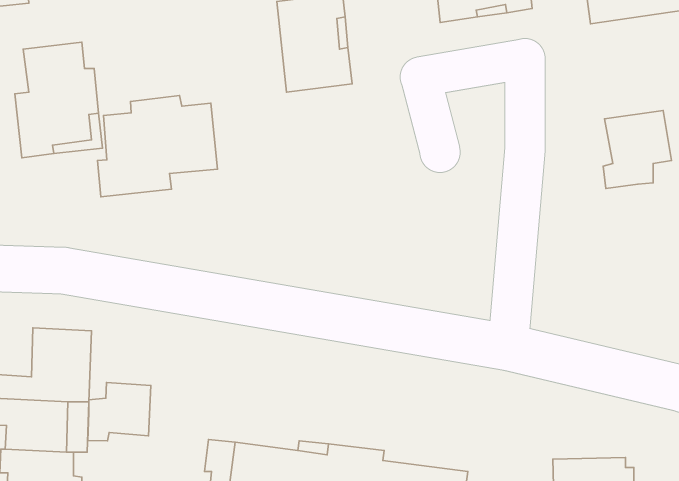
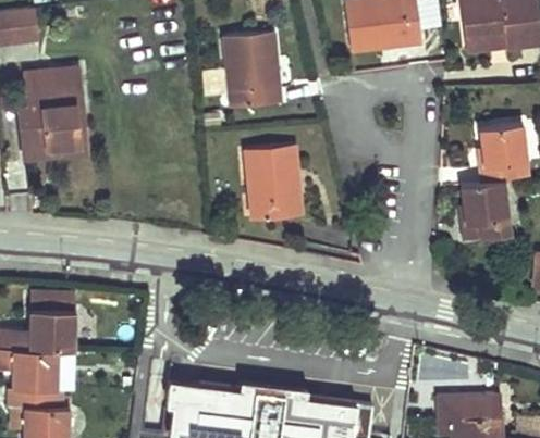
building: [98,96,217,197] -> none
building: none -> [245,146,300,220]
building: none -> [461,179,513,240]
building: [88,382,151,441] -> none

